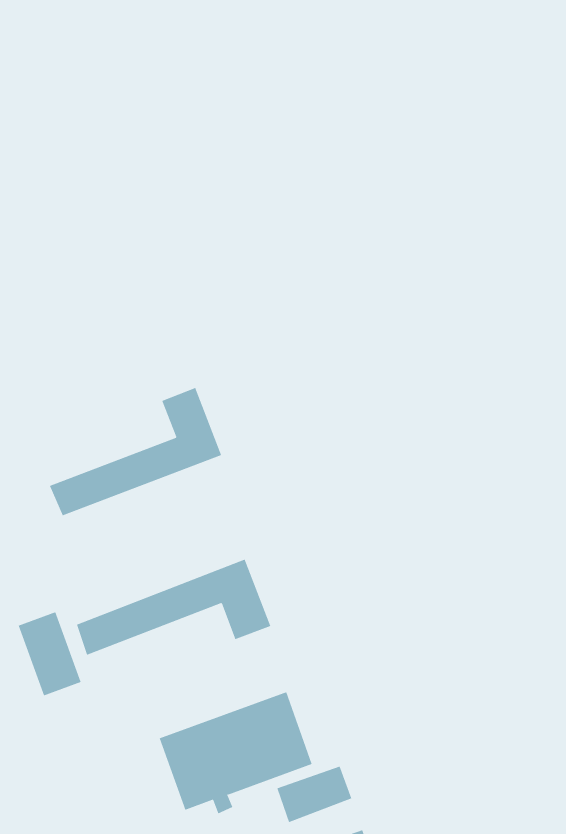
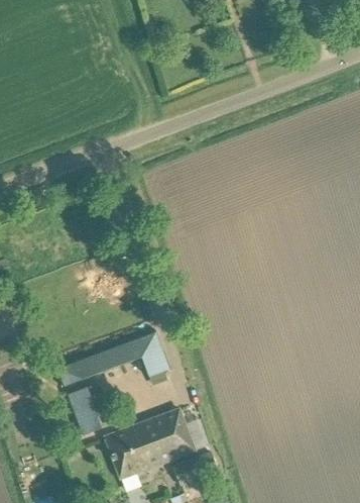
building: [49,387,222,516] -> none
building: [18,612,82,696] -> [67,386,104,435]

